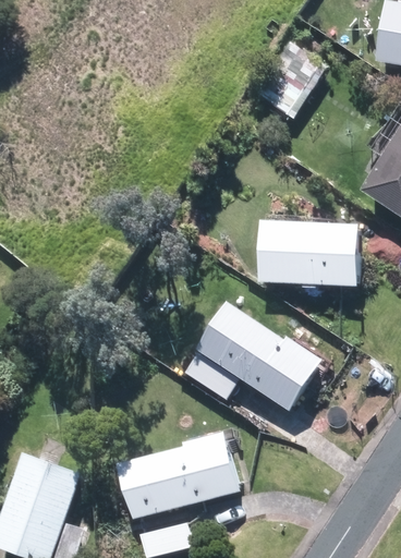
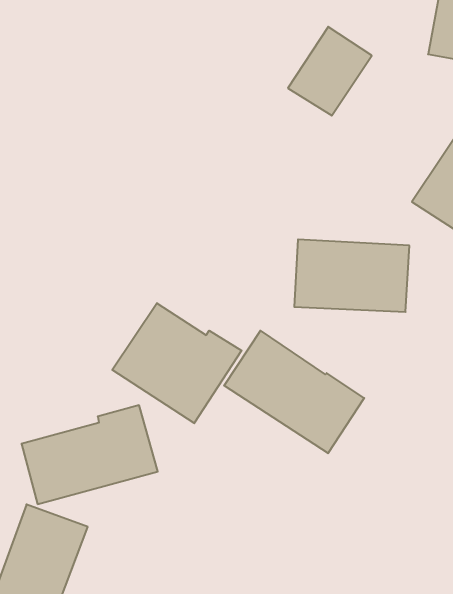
building: none -> [112,303,242,423]
building: [119,432,238,518] -> [21,405,158,504]

